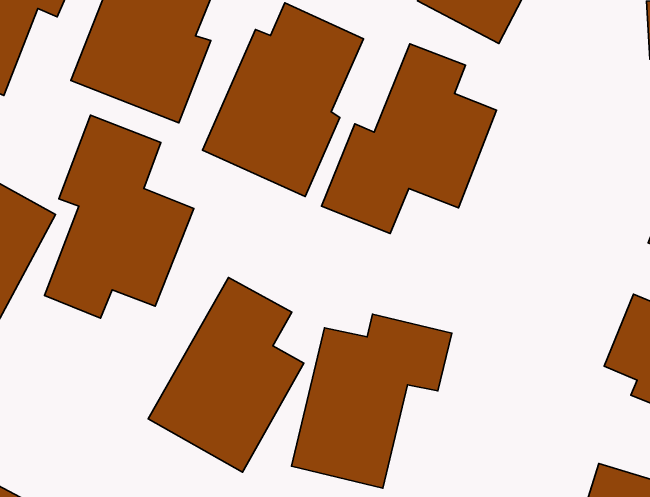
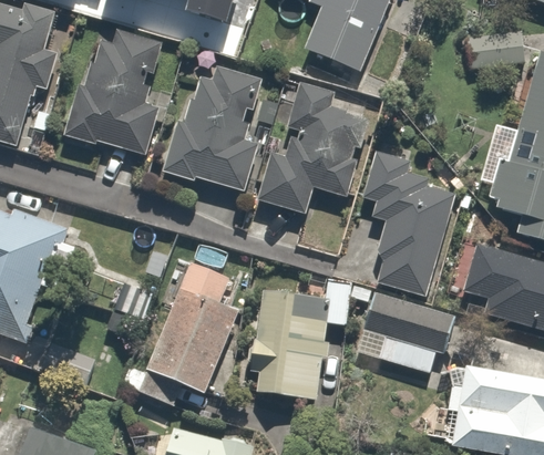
building: [44,115,194,318] -> none
building: none -> [362,148,456,297]
building: none -> [356,288,466,380]

